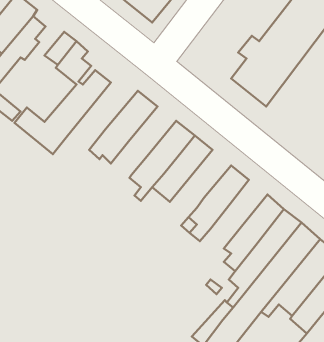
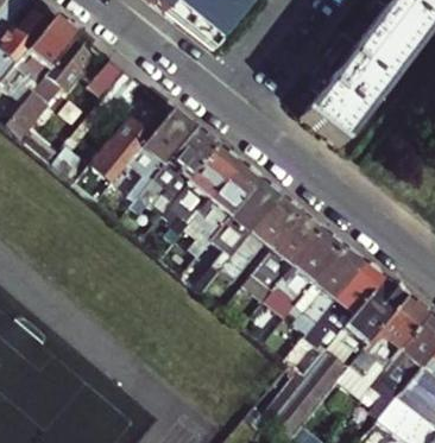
building: none -> [116,107,198,204]
building: none -> [168,144,242,241]
building: none -> [222,194,305,279]
building: none -> [282,228,347,309]

